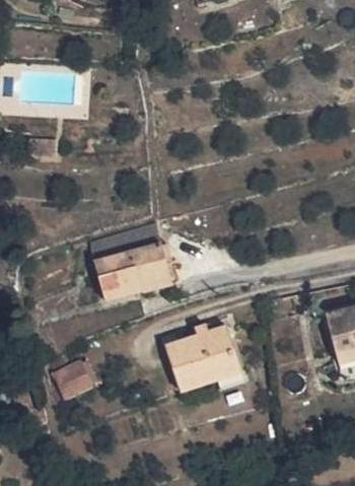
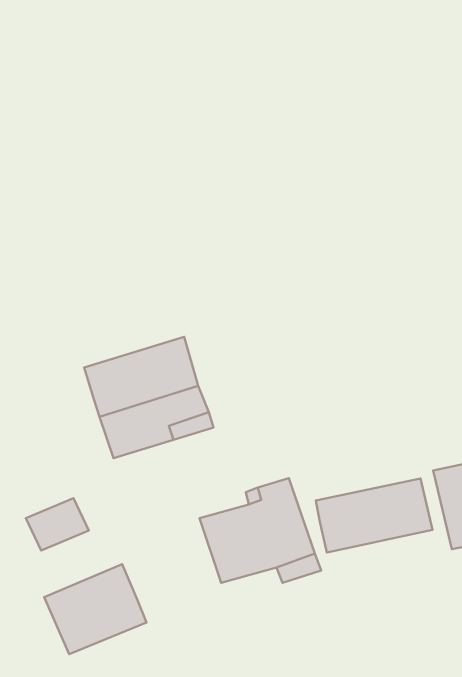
building: none -> [316,479,433,552]
building: none -> [44,564,146,654]

